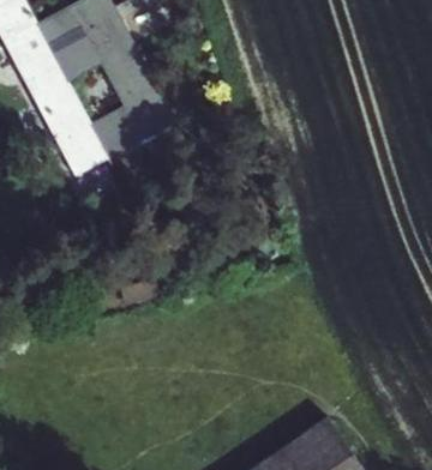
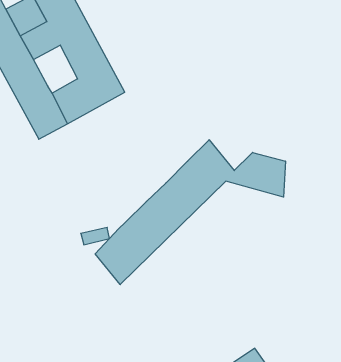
building: none -> [95,140,285,285]

